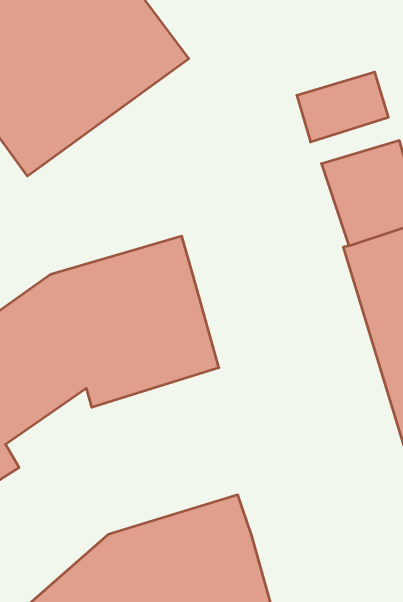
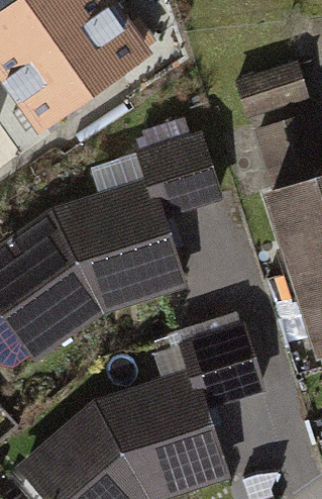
building: none -> [145,136,219,211]
building: none -> [184,314,260,404]

